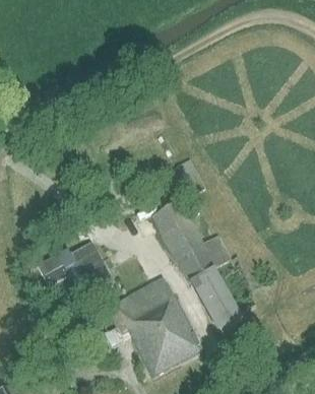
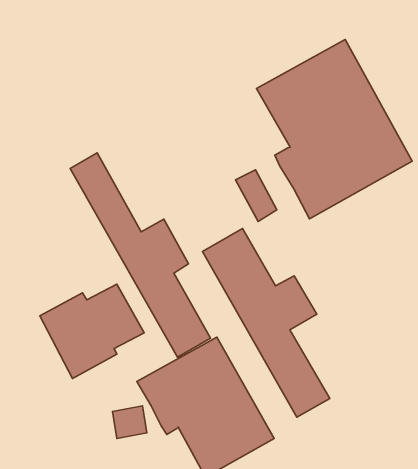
building: none -> [256,39,412,219]
building: none -> [70,153,211,357]

